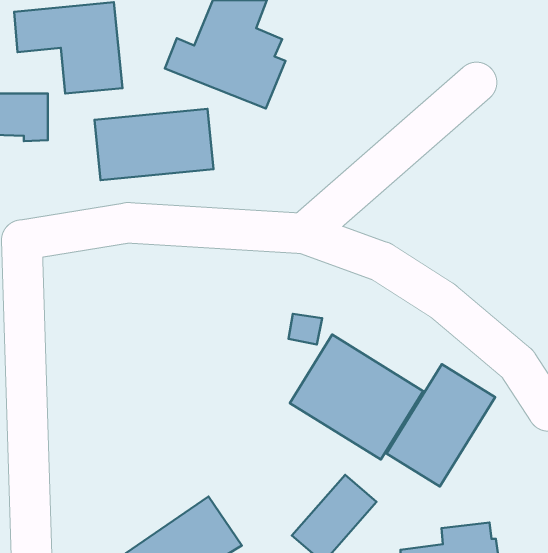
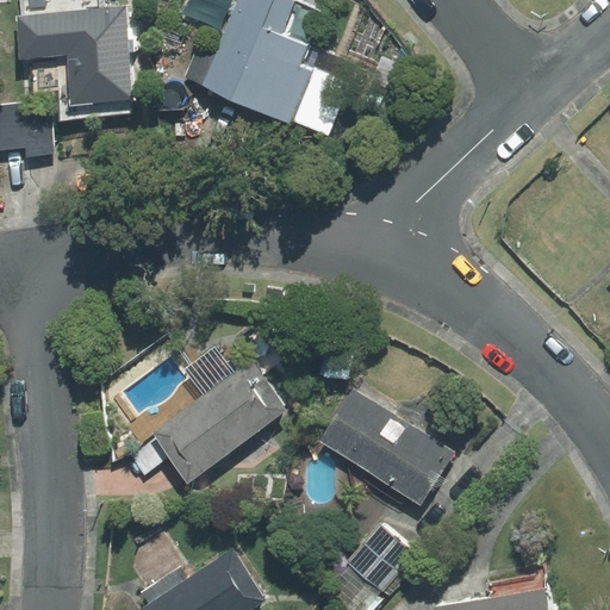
building: [95,109,213,180] -> none
building: none -> [126,363,285,480]
building: [387,364,495,487] -> none

